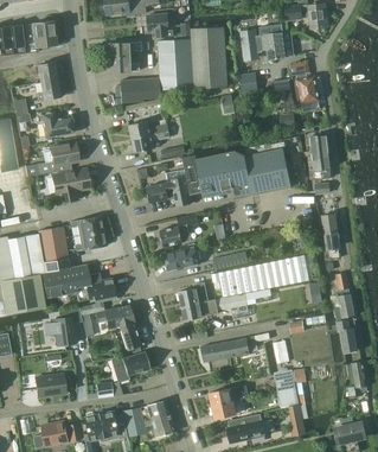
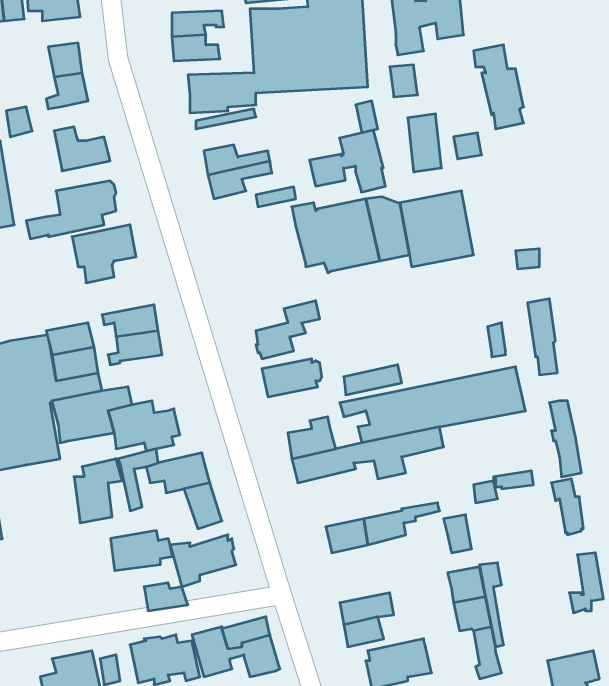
building: [310,135,331,170] -> [408,114,442,172]
building: [147,170,192,206] -> [310,130,385,192]
building: [36,373,72,396] -> [111,531,172,571]

